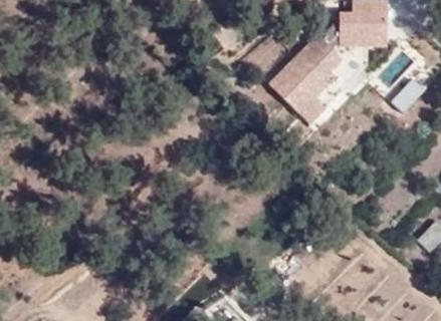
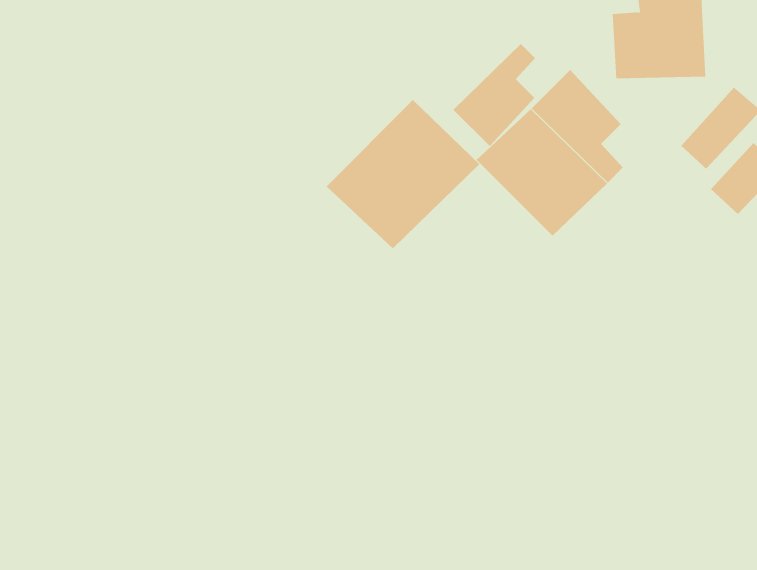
building: none -> [453,43,536,147]
building: none -> [326,99,480,249]

